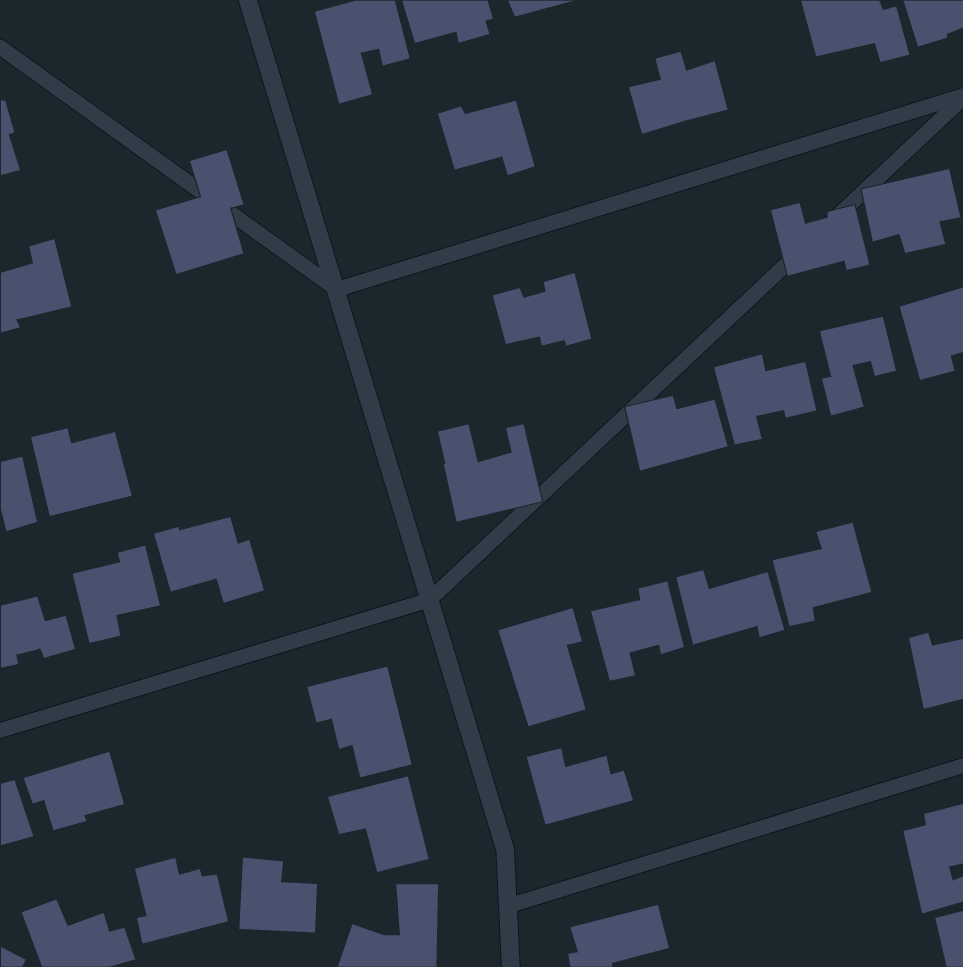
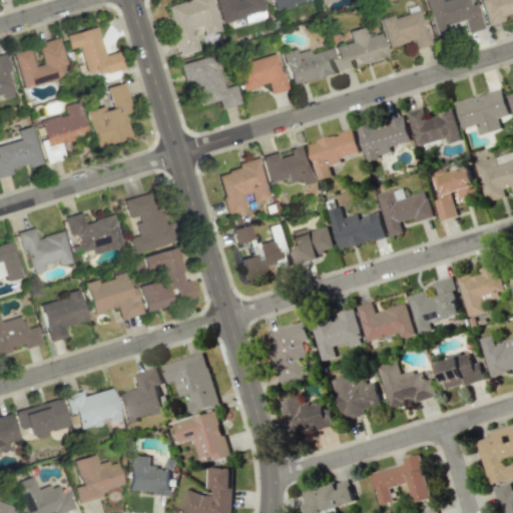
building: none -> [381,9,431,49]
building: none -> [65,25,123,76]
building: none -> [12,37,69,90]
building: none -> [282,48,338,86]
building: none -> [179,55,239,108]
building: none -> [39,101,87,146]
building: none -> [360,117,413,159]
building: none -> [310,130,362,179]
building: none -> [217,157,270,213]
building: none -> [122,189,170,253]
building: none -> [64,210,123,255]
building: none -> [290,225,337,262]
building: none -> [139,247,193,311]
building: none -> [459,266,507,317]
building: none -> [438,352,486,390]
building: none -> [380,361,438,408]
building: none -> [118,367,165,425]
building: none -> [335,374,384,420]
building: none -> [64,388,120,430]
building: none -> [374,453,435,505]

